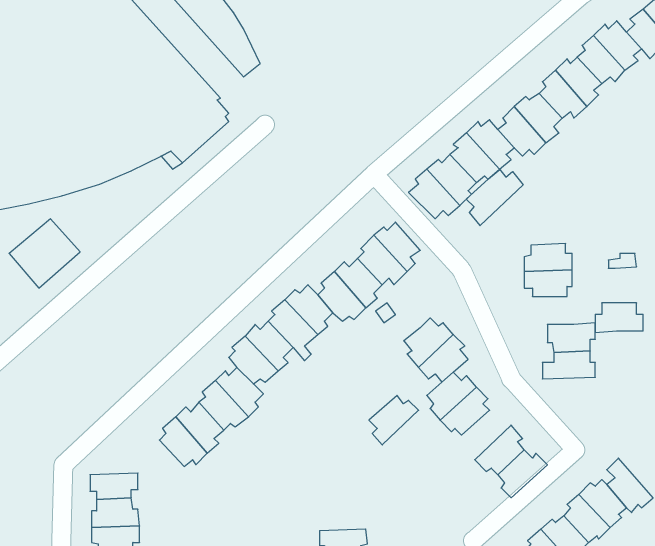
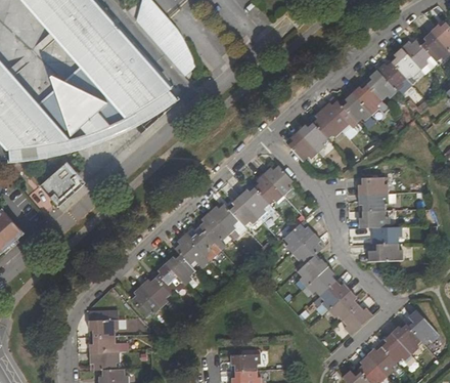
building: [466,170,523,226] -> none
building: [595,303,643,333] -> [359,210,389,228]
building: [369,395,419,445] -> [319,281,350,311]

